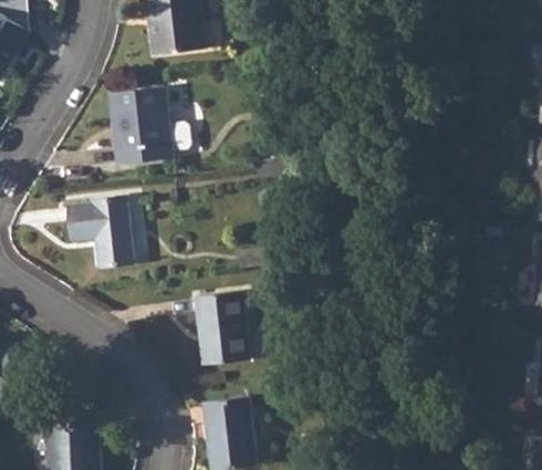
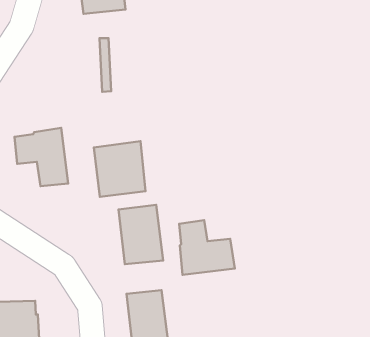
building: [108,87,171,165] -> none
building: none -> [94,141,146,197]
building: none -> [179,220,235,275]

